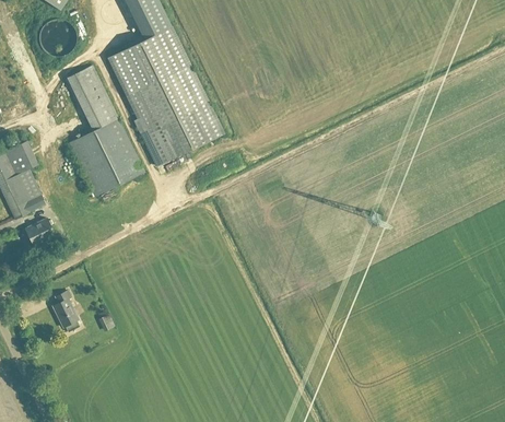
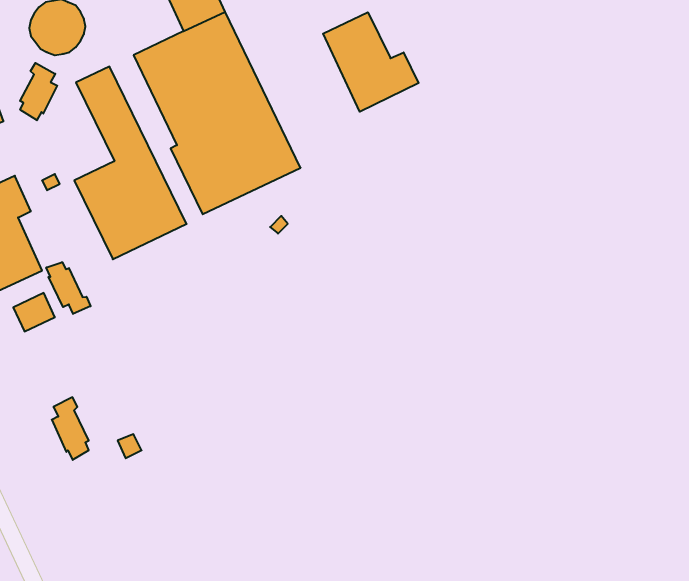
building: none -> [323,12,419,112]
building: none -> [20,63,57,120]
building: none -> [46,262,91,314]

